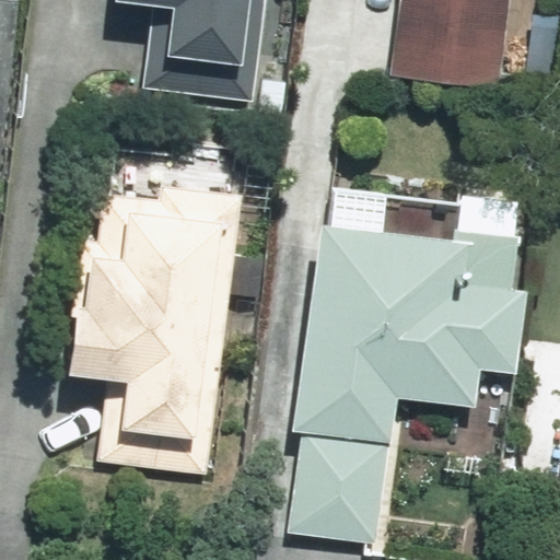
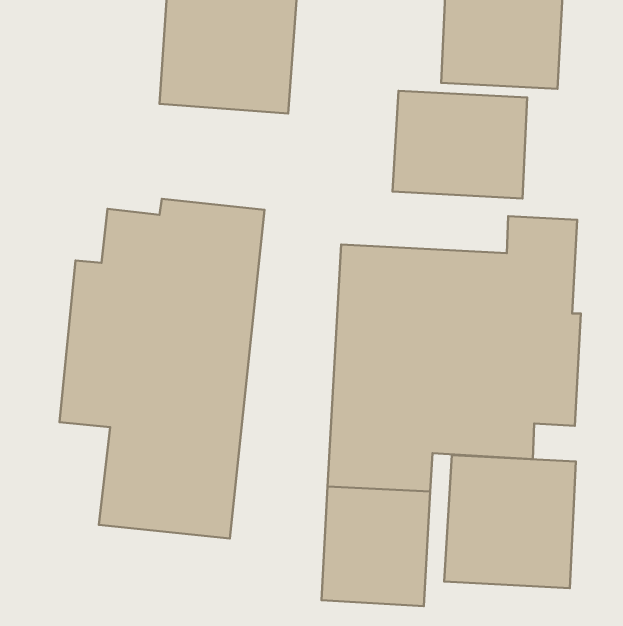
building: none -> [393,91,527,199]
building: none -> [444,455,576,588]

